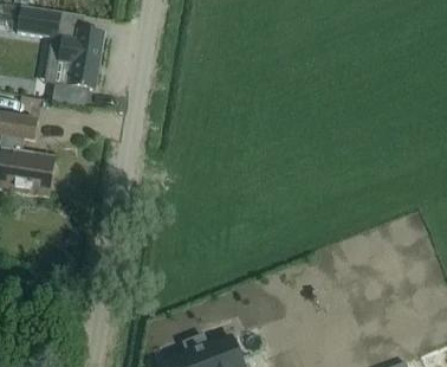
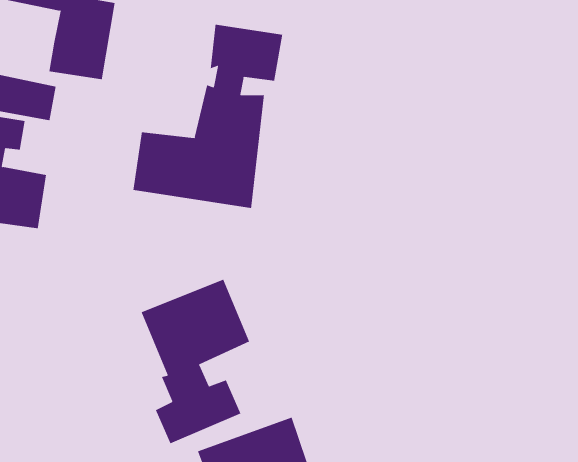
building: none -> [133,24,283,209]
building: none -> [141,279,250,444]

